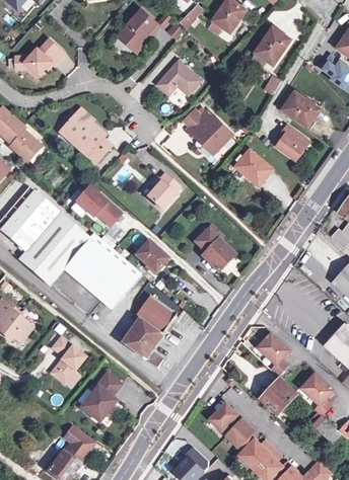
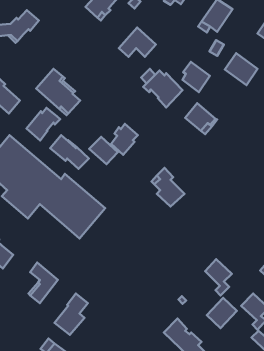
building: [276,125,308,160] -> [182,62,210,92]
building: none -> [27,108,60,140]
building: [134,240,167,272] -> [89,137,118,164]
building: [122,296,176,368] -> none

